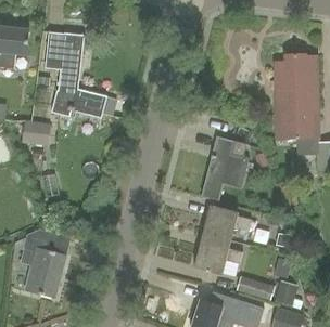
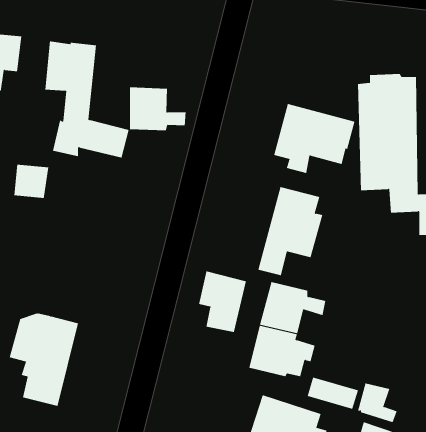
building: none -> [130,86,186,131]
building: none -> [274,103,355,174]
building: none -> [199,271,247,333]

